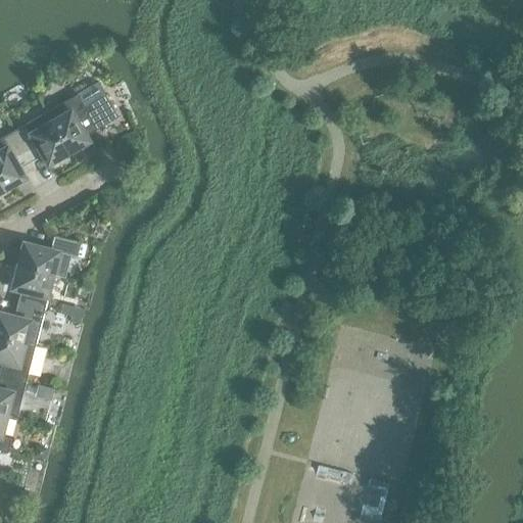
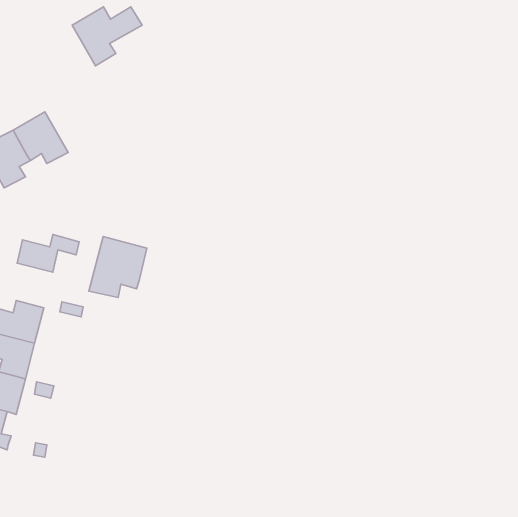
building: [45,96,115,155] -> [72,7,142,66]
building: none -> [89,237,147,298]
building: [11,267,53,312] -> none

